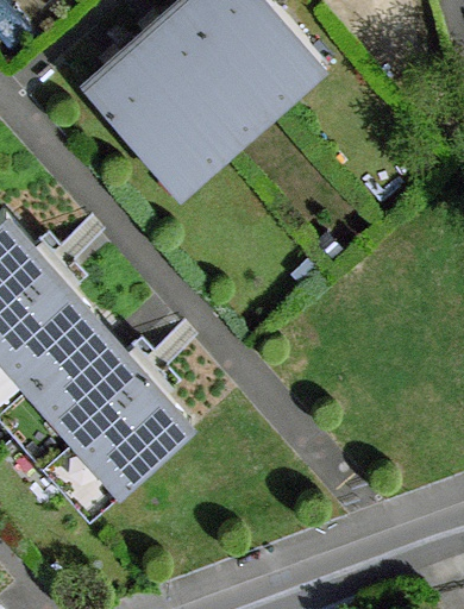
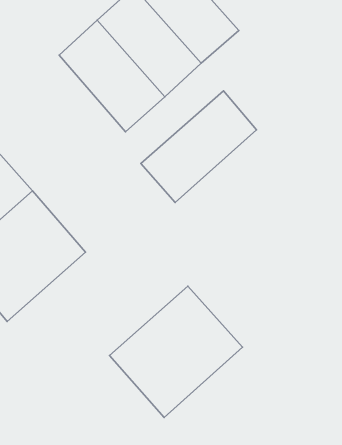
building: none -> [141,91,257,202]
building: [21,349,195,520] -> [109,286,242,417]

